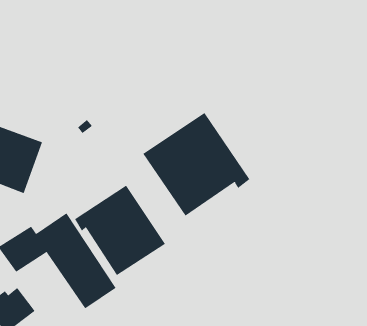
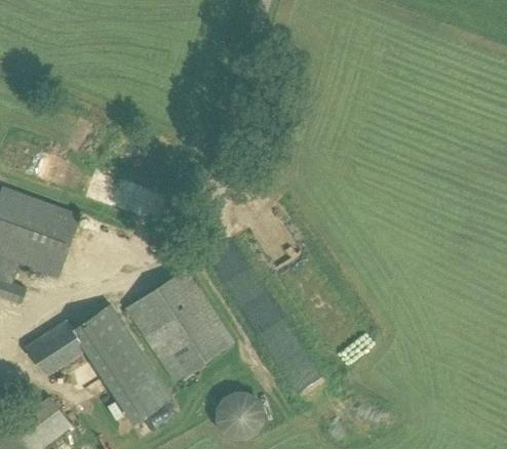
building: [143,112,250,216] -> none
building: none -> [212,390,263,441]

